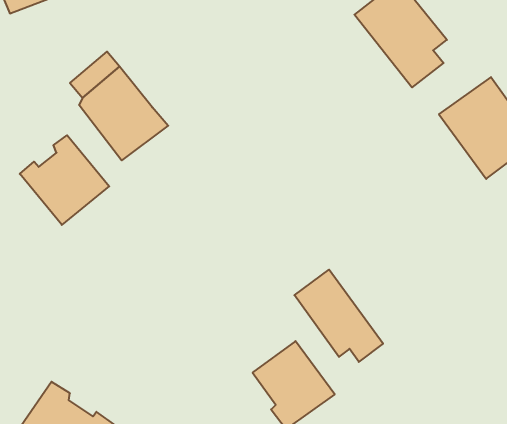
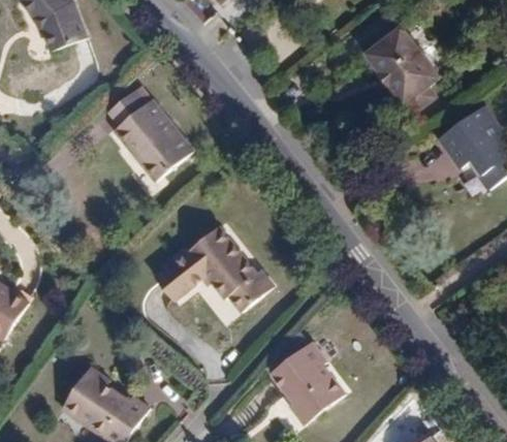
building: [20,135,109,225] -> none
building: none -> [154,220,275,310]
building: [294,270,383,362] -> none

